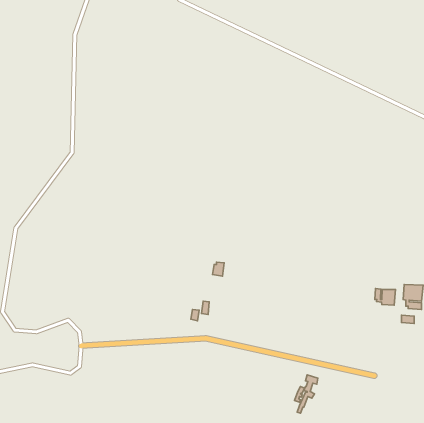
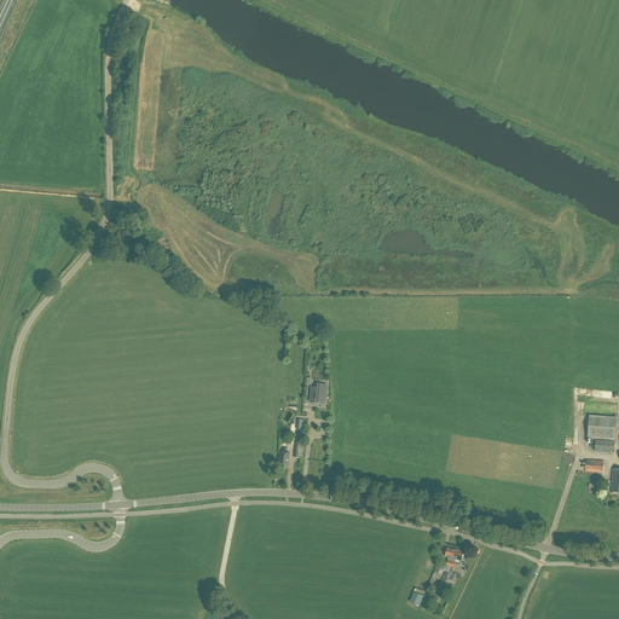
building: [375,289,395,305] -> none

